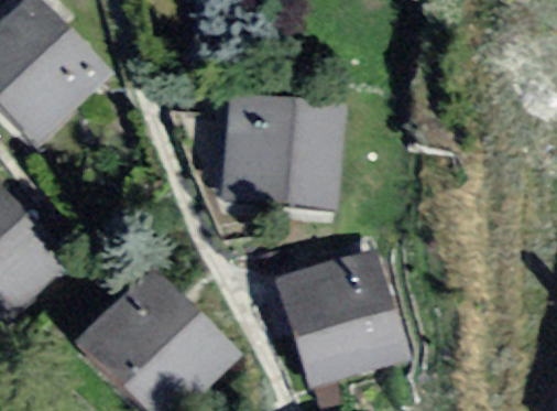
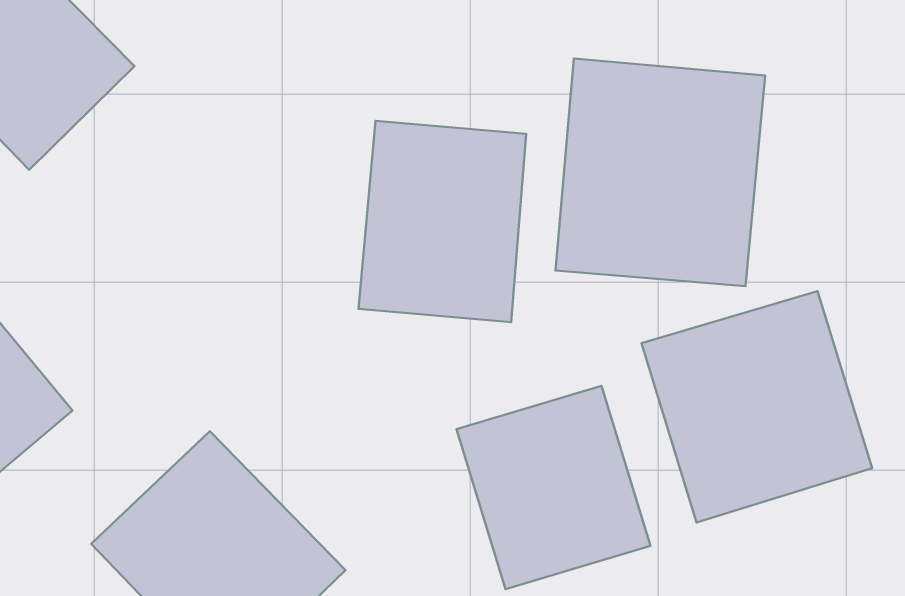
building: none -> [555,58,765,286]
building: none -> [642,291,872,523]

